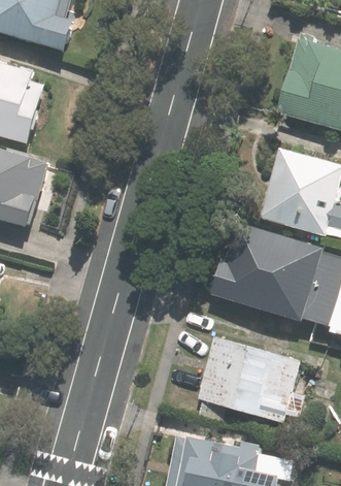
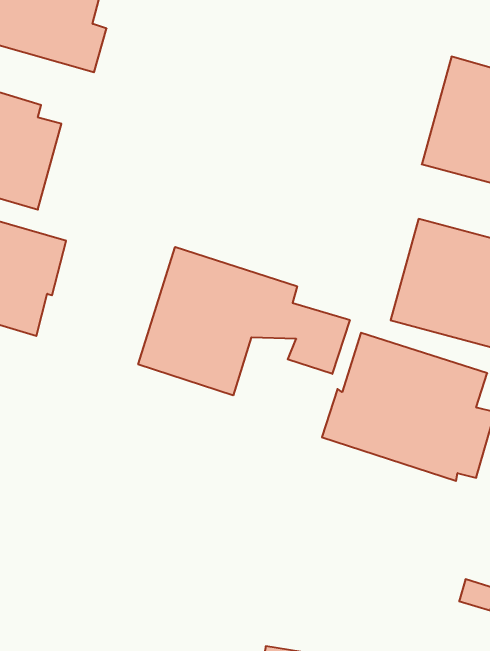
building: none -> [138,247,350,395]
building: [200,332,304,416] -> none

